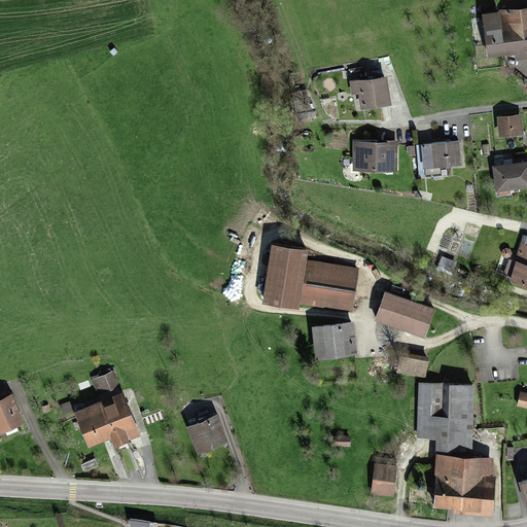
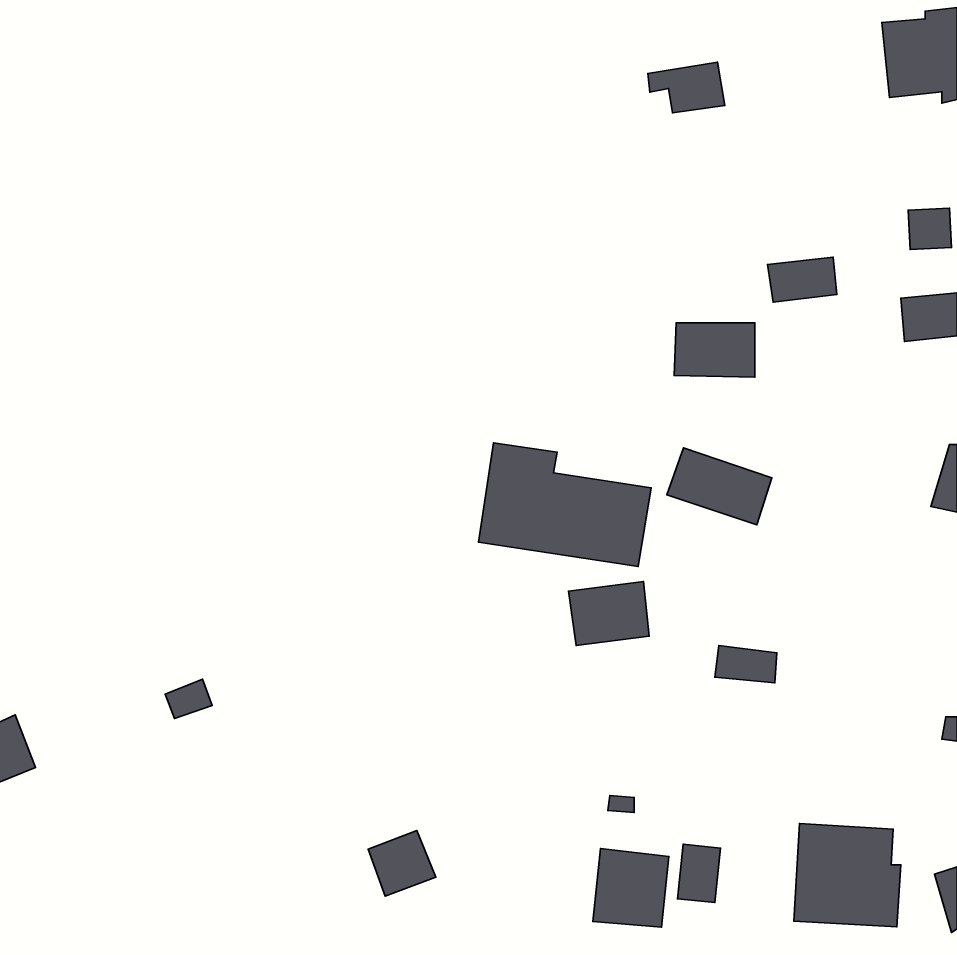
building: [348,77,390,105] -> [648,62,725,113]
building: [351,143,395,173] -> [674,323,755,377]
building: [376,293,433,336] -> [667,448,772,525]
building: [419,383,471,449] -> none
building: [75,393,138,449] -> none
building: [189,417,226,453] -> [368,830,436,896]
building: none -> [593,849,669,927]

